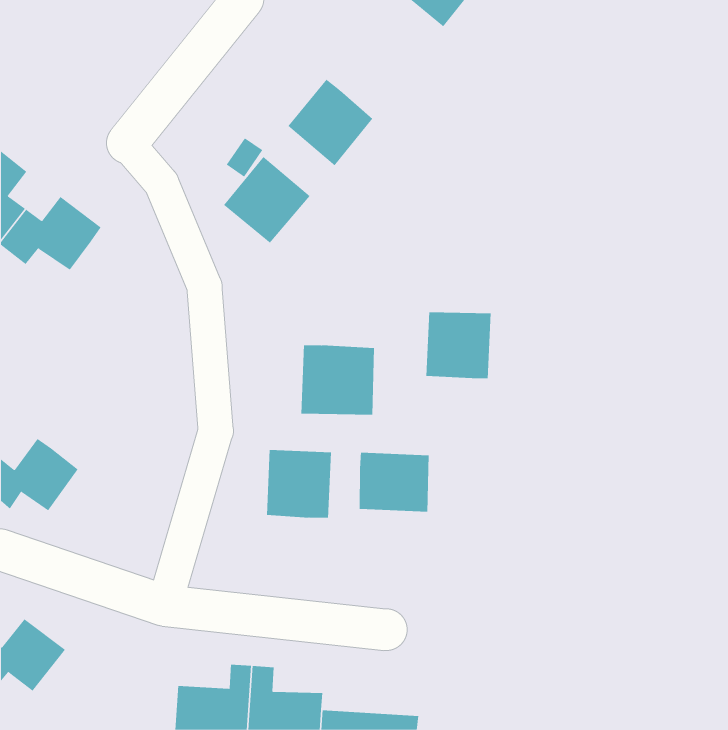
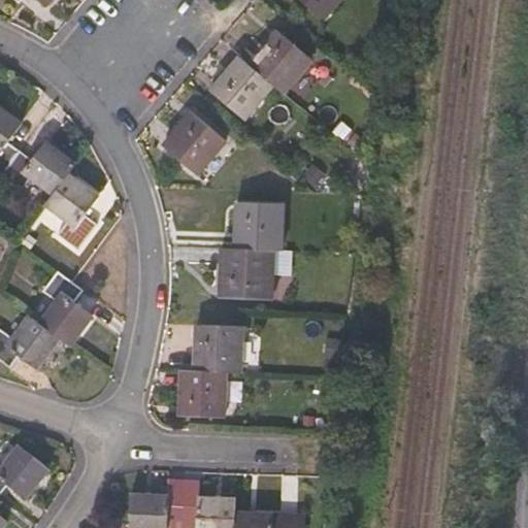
building: none -> [248,31,310,94]
building: none -> [44,174,98,249]
building: [426,312,491,379] -> [234,202,282,251]
building: none -> [39,271,93,345]
building: [359,452,429,513] -> none
building: none -> [179,371,225,417]

